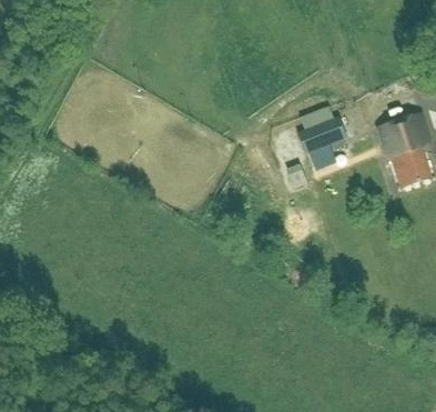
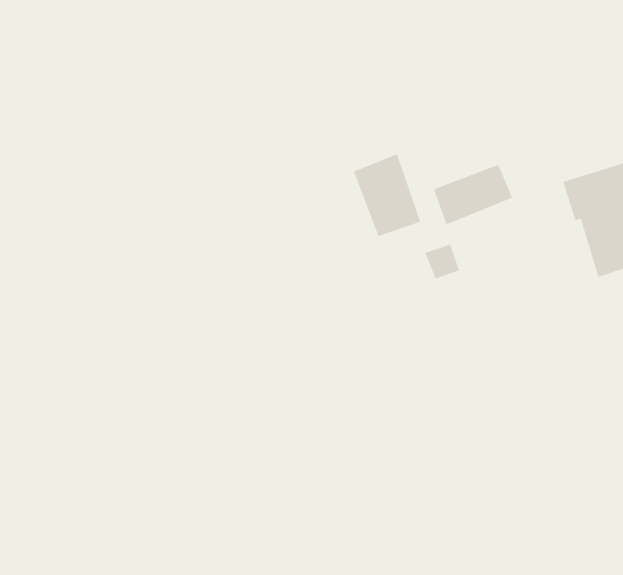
building: none -> [353,154,421,237]

